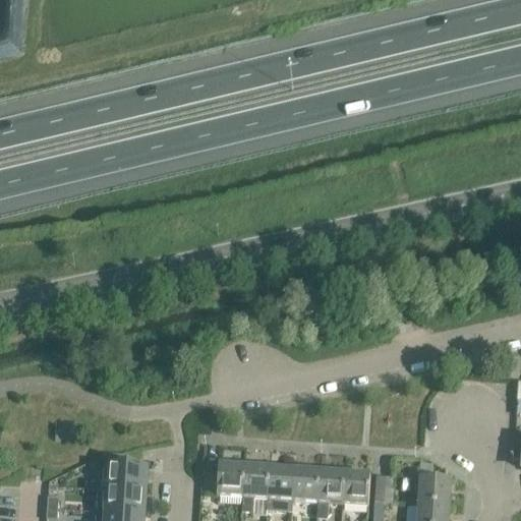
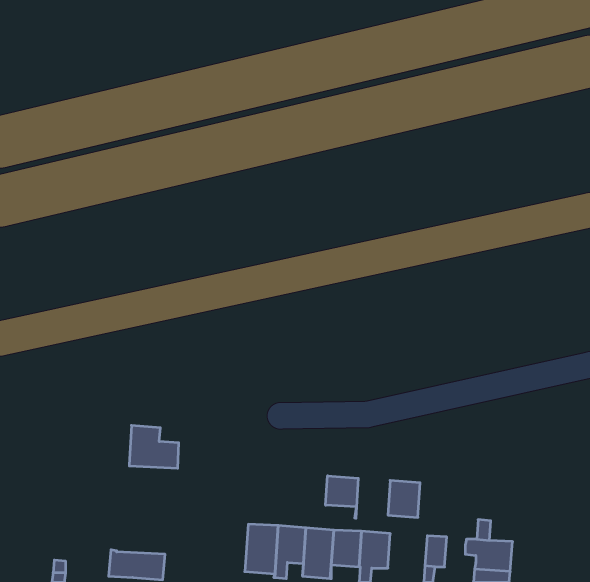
building: none -> [326,476,358,518]
building: [103,451,147,488] -> [129,425,179,468]
building: [342,470,370,503] -> [388,480,420,517]

